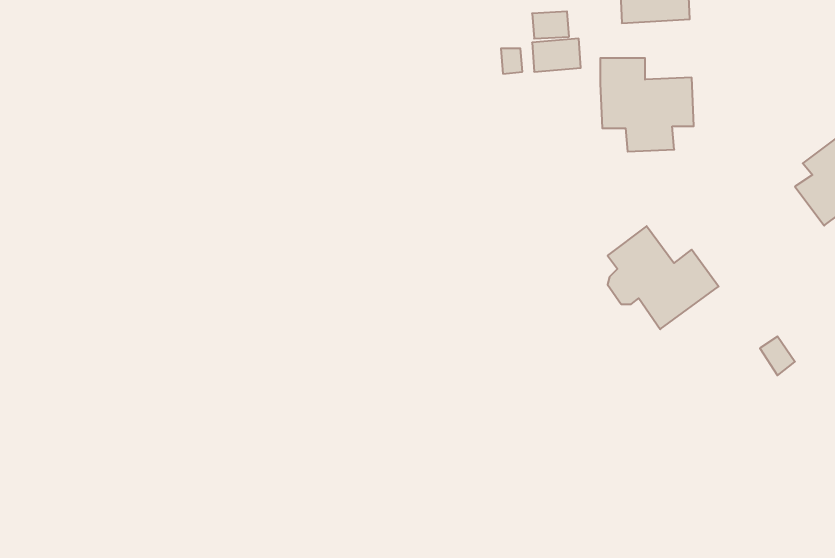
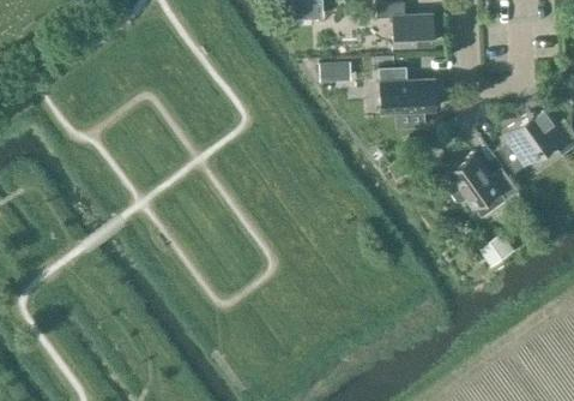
building: [608,226,719,329] -> [451,152,519,216]

